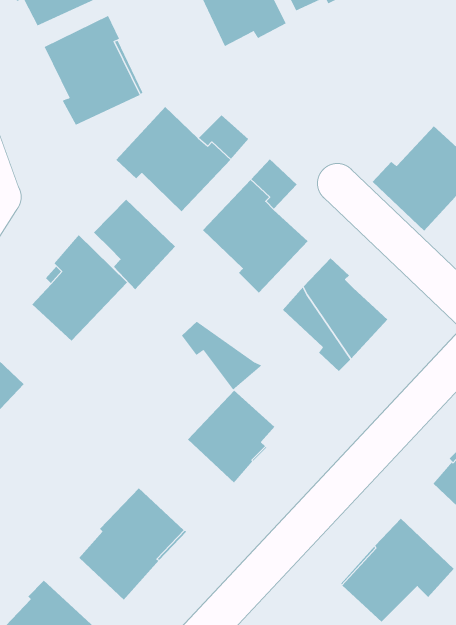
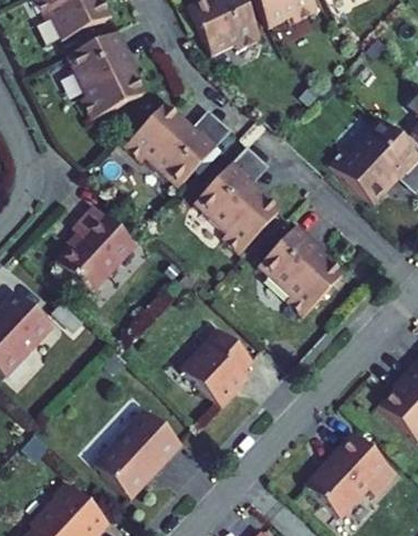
building: [93,199,176,290] -> none
building: [181,321,262,390] -> none

